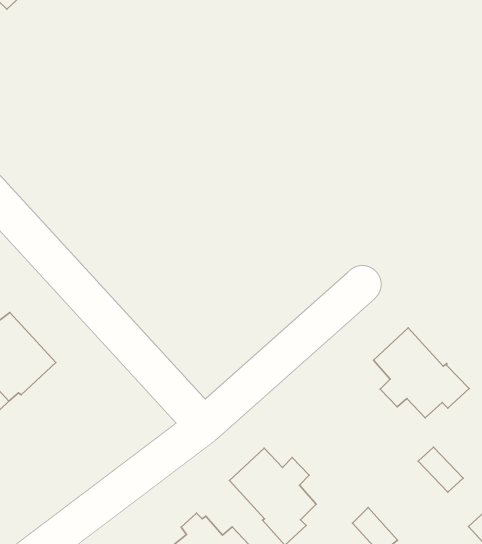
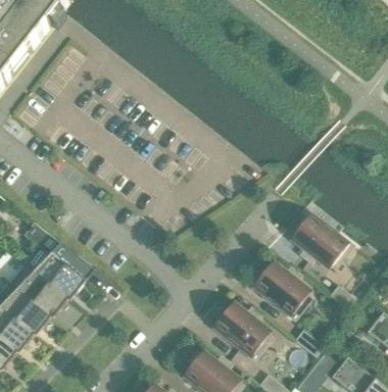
building: none -> [252,260,308,318]

